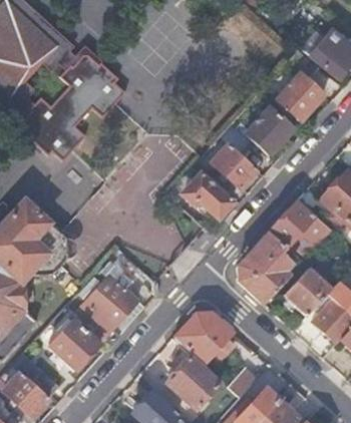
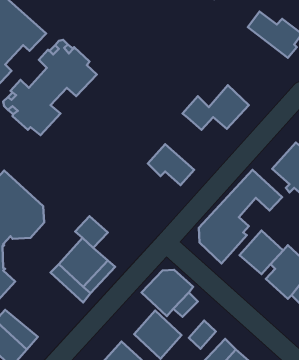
building: [276,50,324,120] -> none
building: [209,142,256,187] -> none
building: [48,320,98,369] -> none

